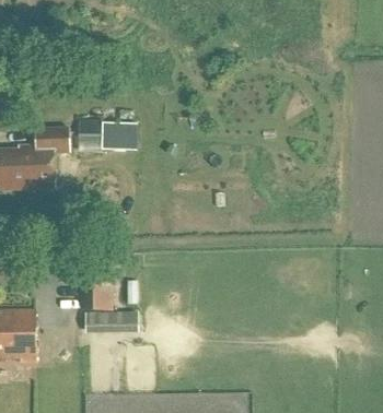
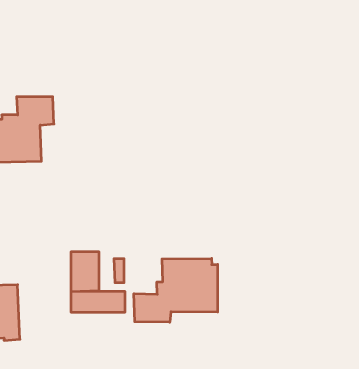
building: [78,122,137,155] -> none
building: none -> [134,258,218,322]

